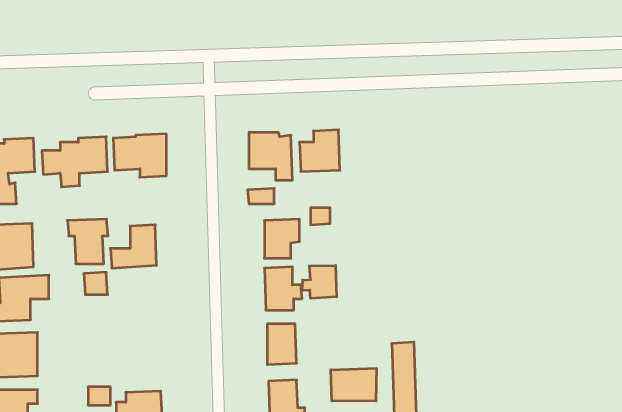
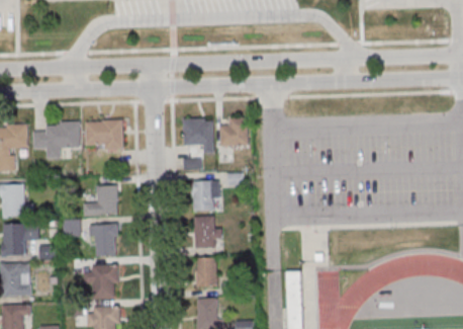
building: [67,219,108,264] -> [89,224,118,256]
building: [302,265,337,298] -> none
building: none -> [87,266,118,299]
building: [331,368,376,401] -> none

